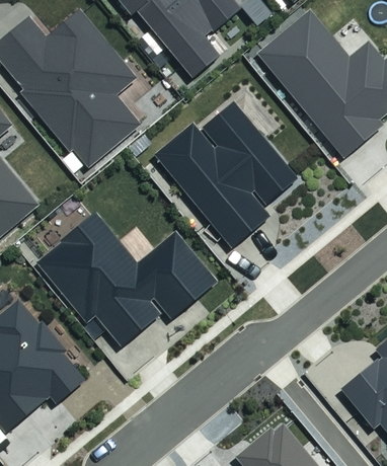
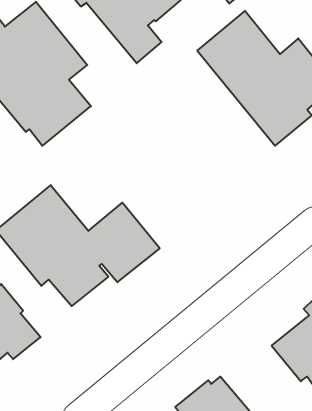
building: [154,100,297,246] -> none

